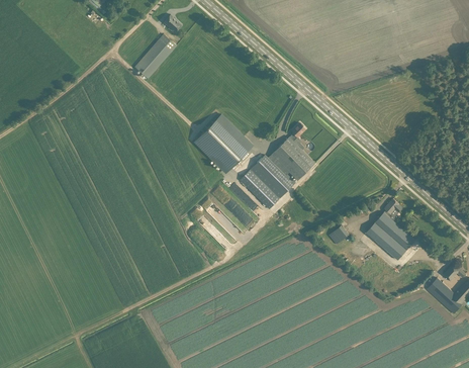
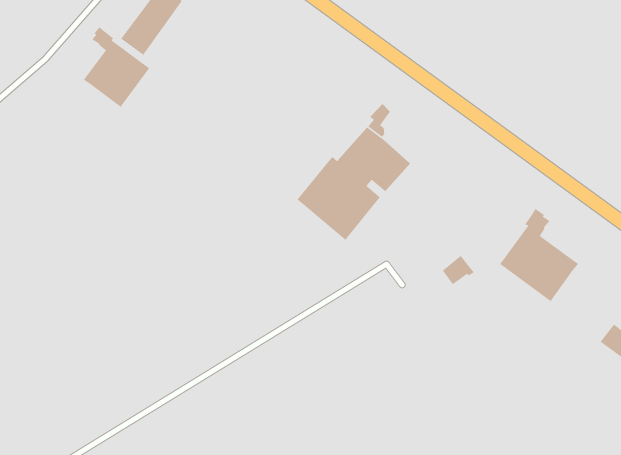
building: none -> [83,26,150,108]
building: [192,112,253,173] -> none

